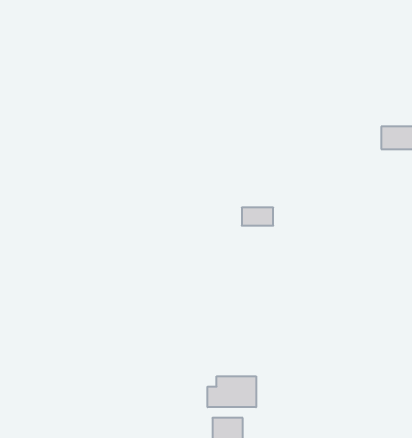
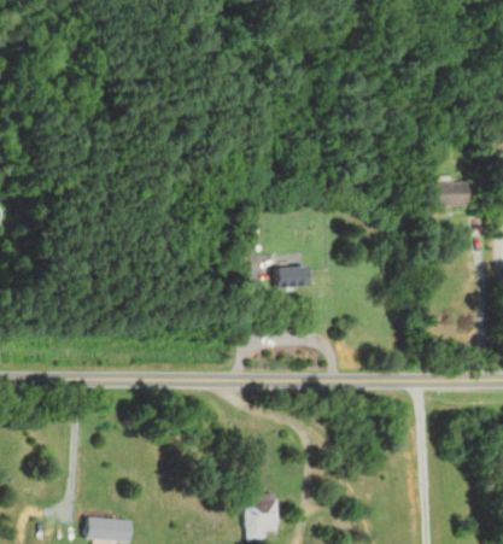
building: [208,376,256,407] -> none

